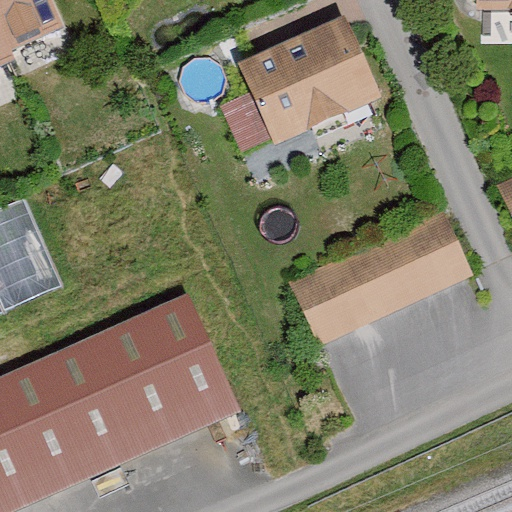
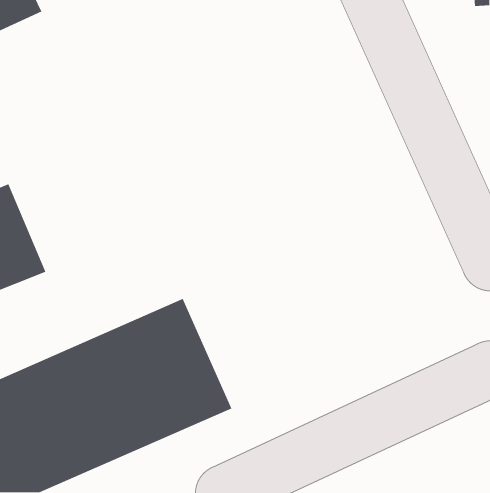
building: [245,18,380,140] -> none
building: [291,211,467,340] -> none

